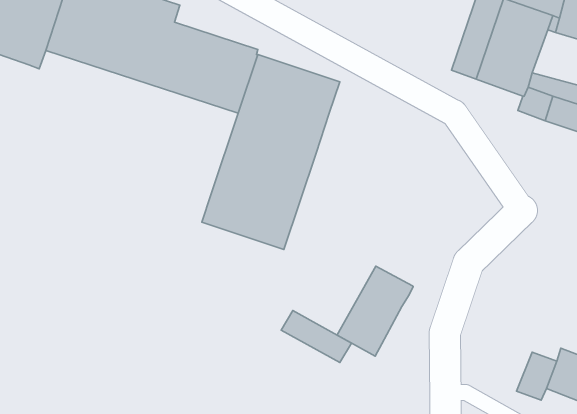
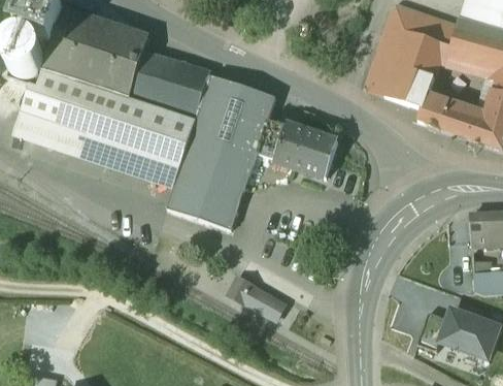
building: none -> [13,72,196,187]
building: none -> [258,122,338,178]
building: [337,266,413,356] -> none

